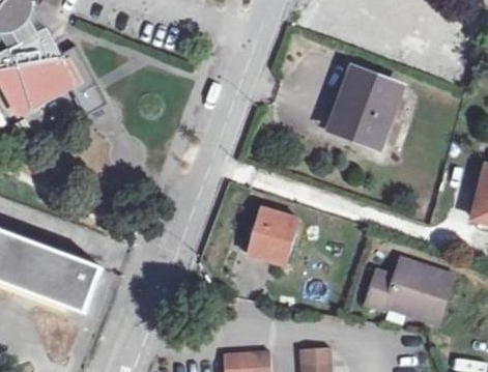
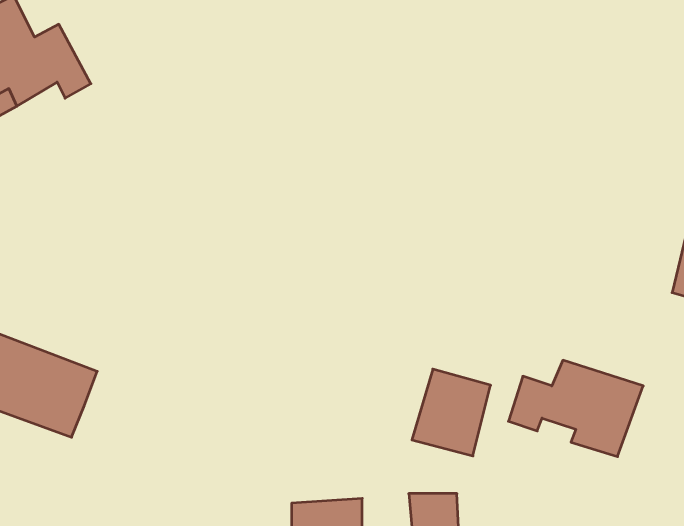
building: [332,71,400,145] -> none
building: [243,208,294,264] -> [412,369,491,456]

